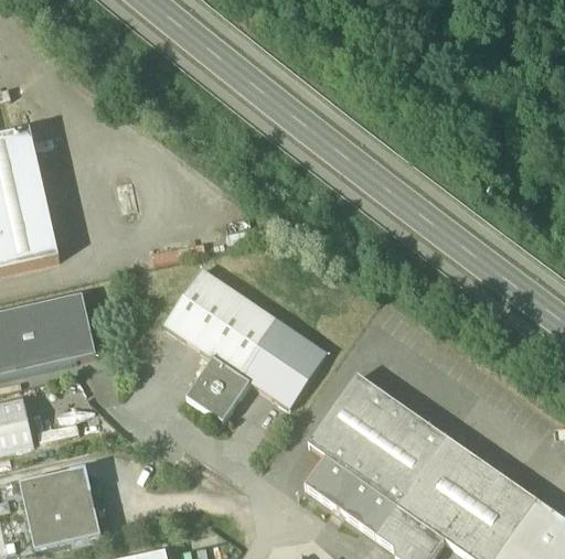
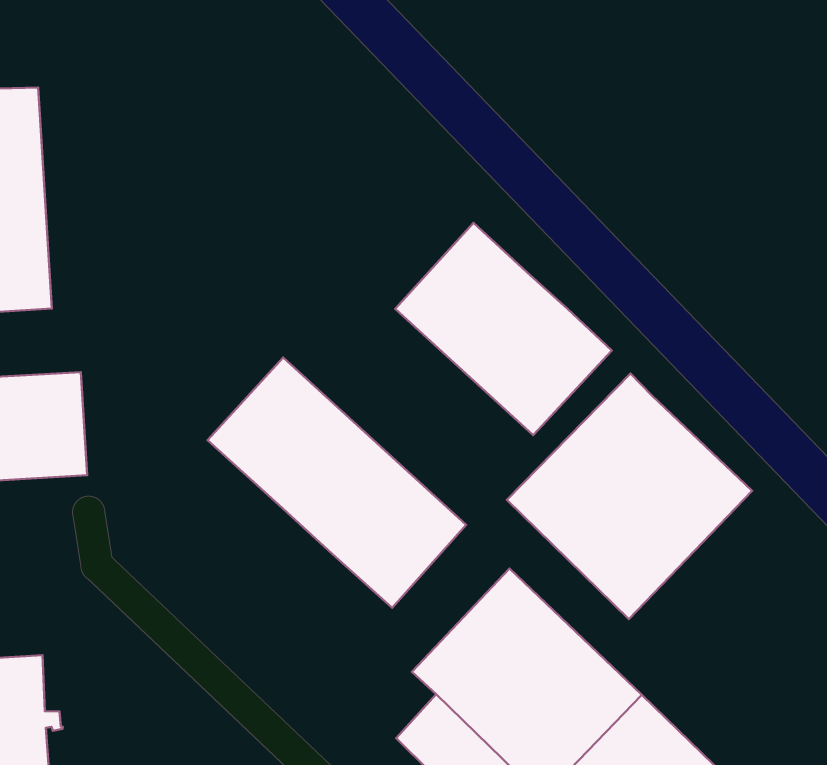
building: none -> [395,223,612,435]
building: none -> [507,374,752,619]
building: [186,356,249,421] -> none

